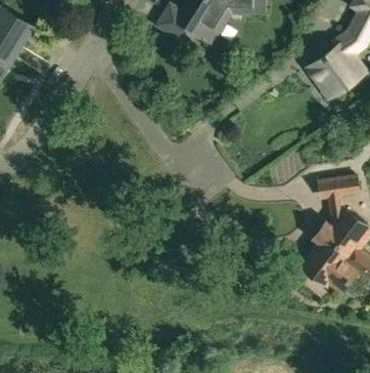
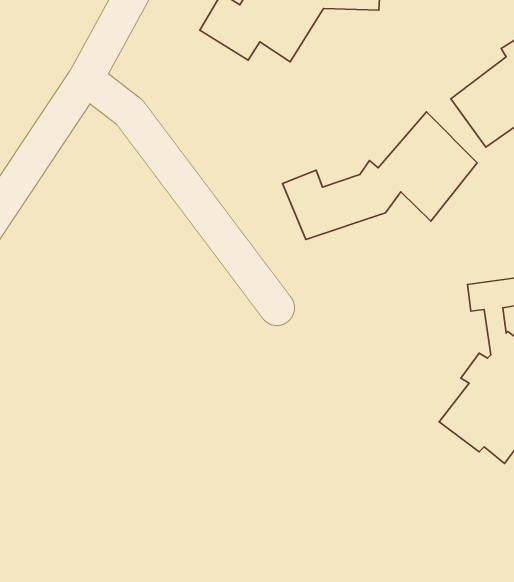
building: none -> [283,112,477,239]

